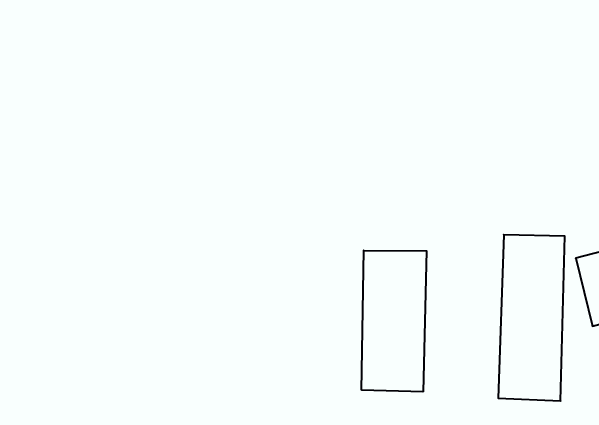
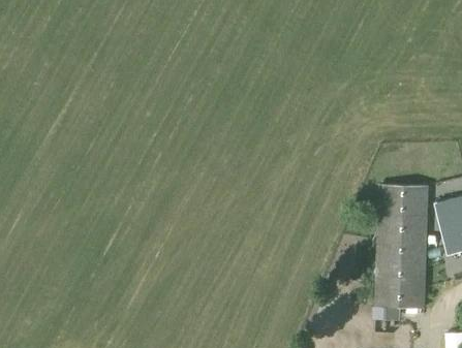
building: [362,250,427,392] -> none

